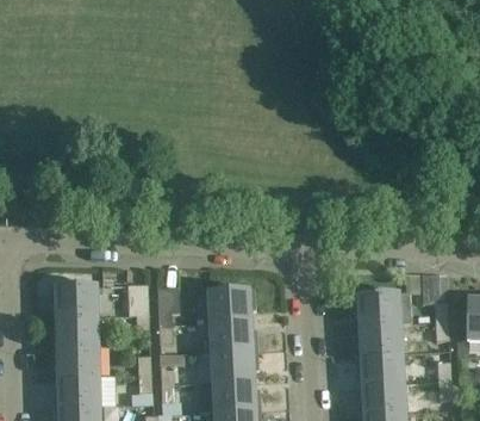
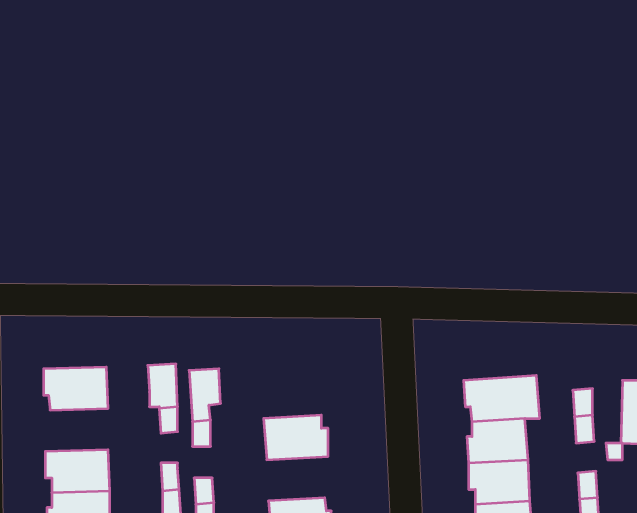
building: [208,289,255,322] -> none
building: [52,315,98,346] -> none
building: [212,349,257,382] -> none

